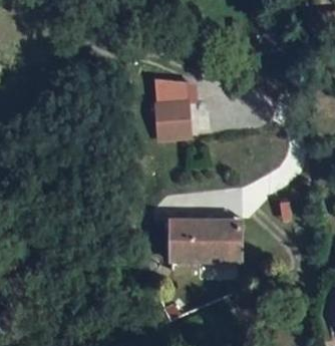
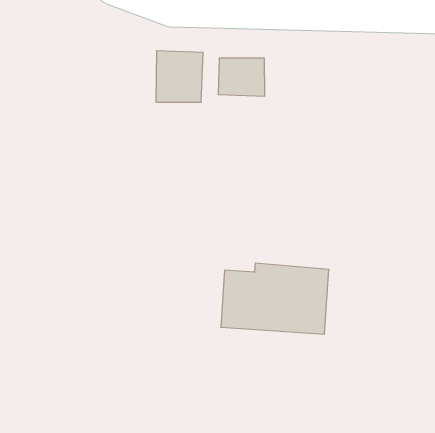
building: [156,105,189,140] -> [156,51,203,102]

